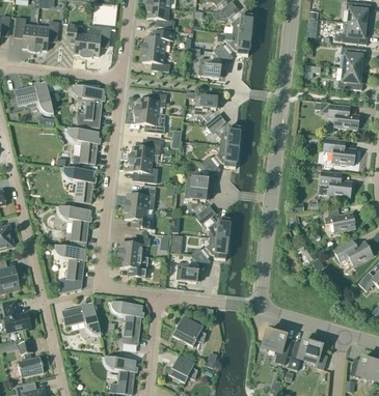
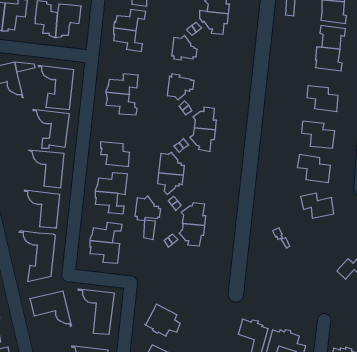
building: [129,139,160,161] -> none
building: [333,239,372,266] -> none
building: [174,260,199,284] -> [135,196,161,221]

